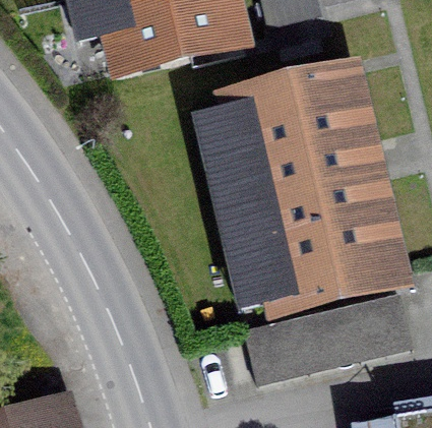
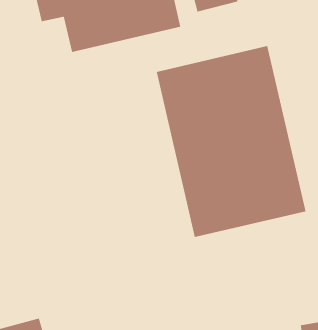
building: [244,301,408,383] -> none

